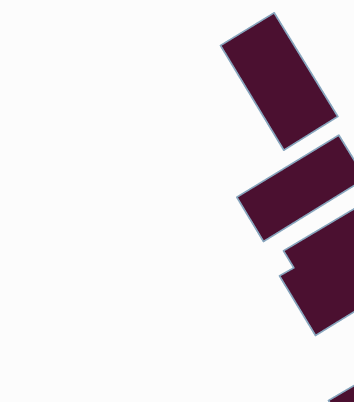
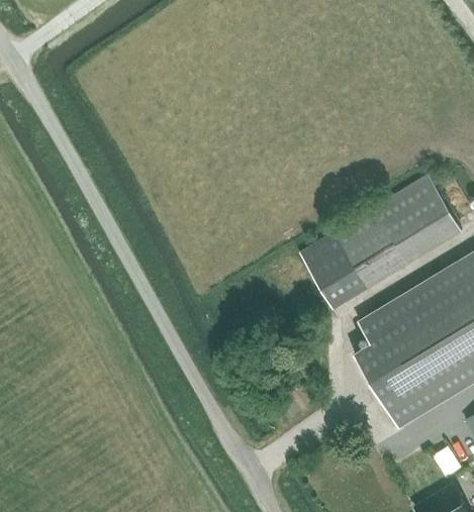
building: [220,13,338,150] -> none

